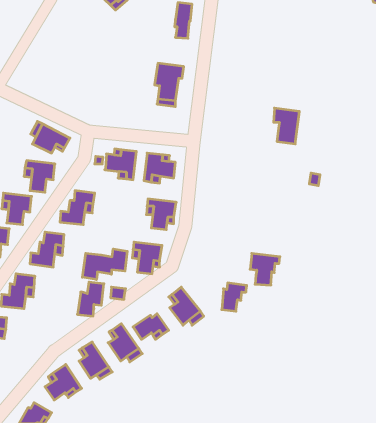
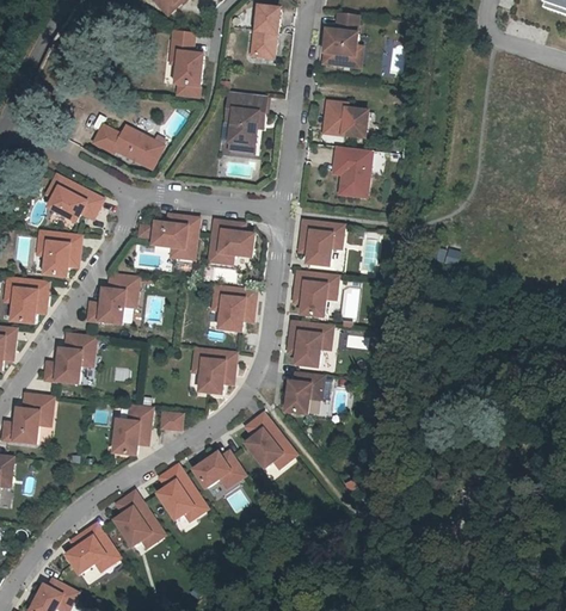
building: none -> [322,13,357,67]
building: none -> [171,31,203,97]
building: none -> [324,101,368,137]
building: none -> [96,126,166,169]
building: [274,108,299,144] -> [334,146,371,197]
building: none -> [300,221,343,267]
building: none -> [294,272,337,317]
building: [82,249,127,280] -> none
building: [250,253,280,285] -> [288,322,331,368]
building: [222,283,247,311] -> [287,374,322,414]

